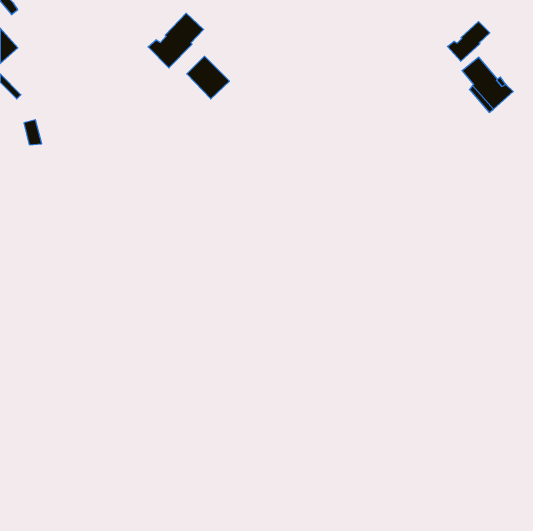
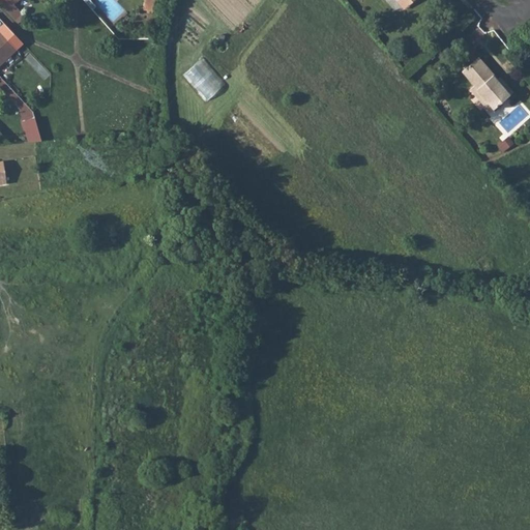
building: [148,13,204,68] -> none
building: [447,22,490,61] -> none

